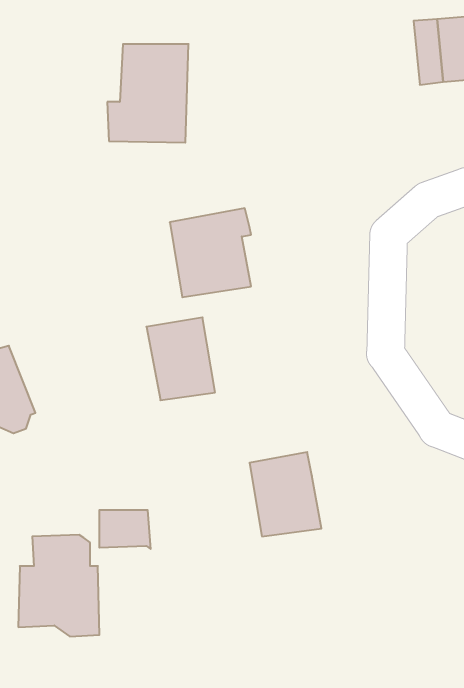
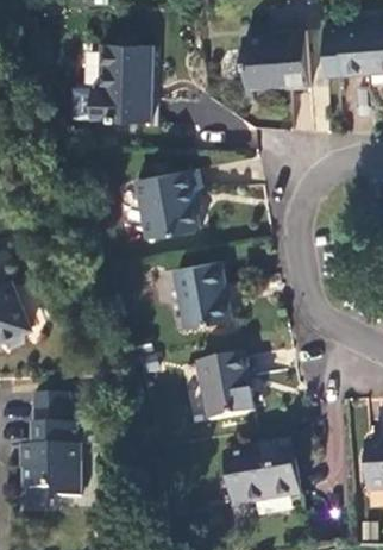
building: none -> [243,31,308,102]
building: [146,317,215,400] -> [176,264,228,327]
building: [99,510,151,549] -> [32,392,71,421]
building: none -> [228,442,302,506]

